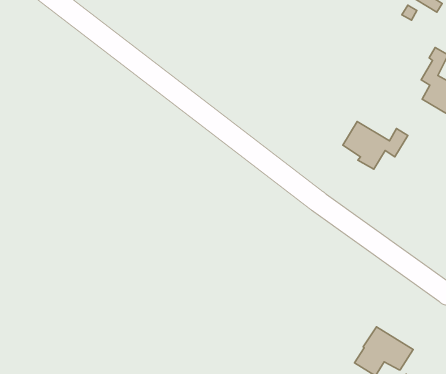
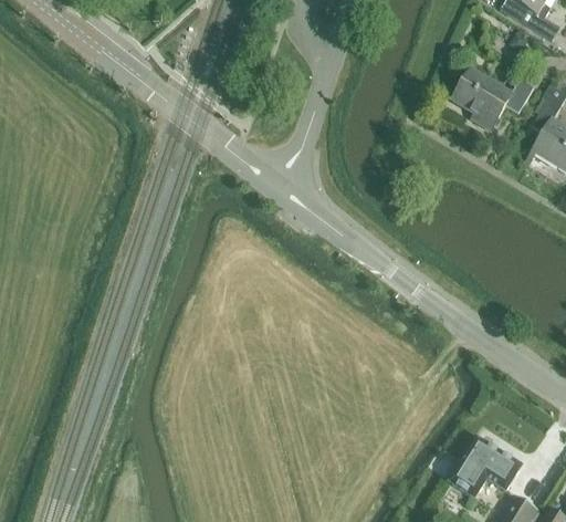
building: [343,122,408,169] -> [452,69,534,128]

